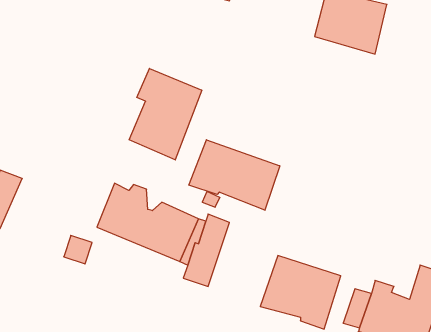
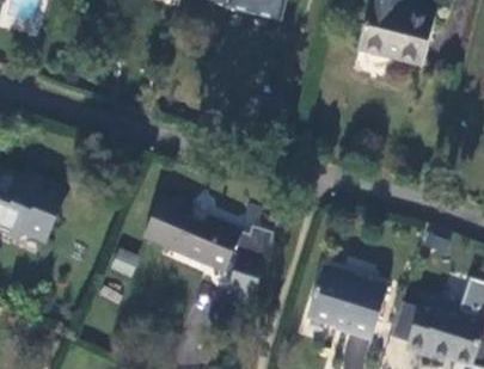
building: [129,68,202,160] -> none
building: [189,140,280,210] -> none

